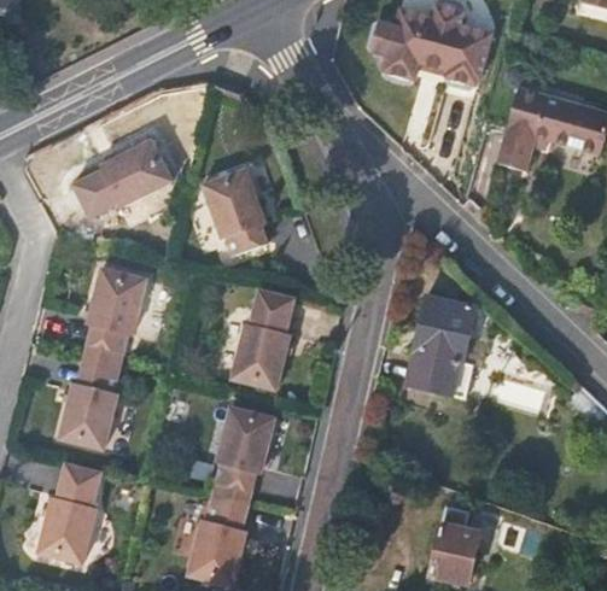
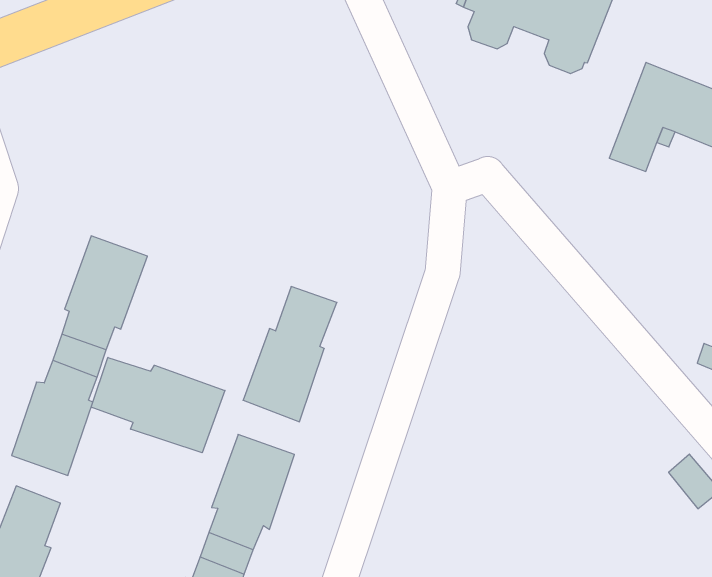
building: [75,137,176,215] -> none
building: [204,165,270,254] -> none
building: [404,293,469,396] -> none
building: none -> [91,357,225,453]

